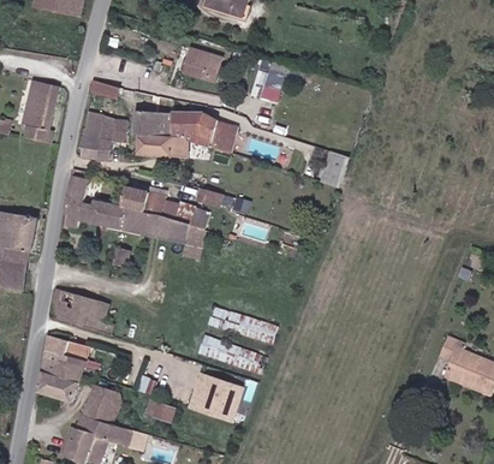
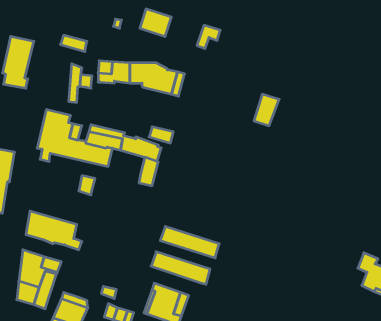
building: [83,112,103,159] -> none
building: [137,135,188,157] -> none
building: [147,214,190,243] -> none

